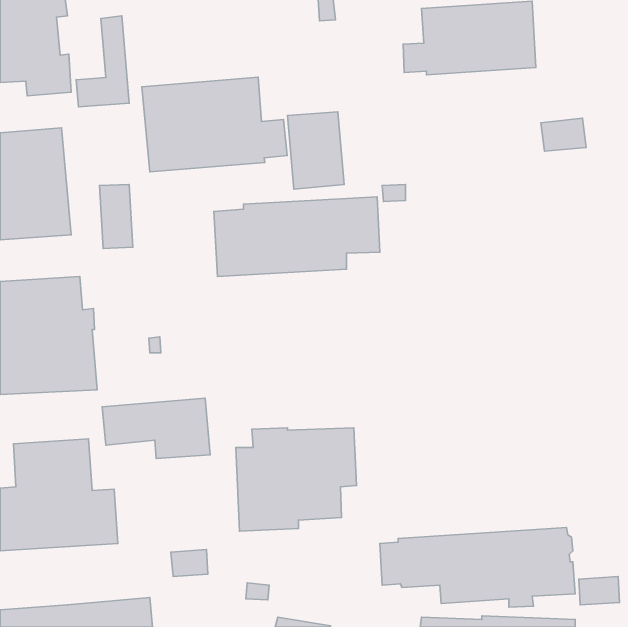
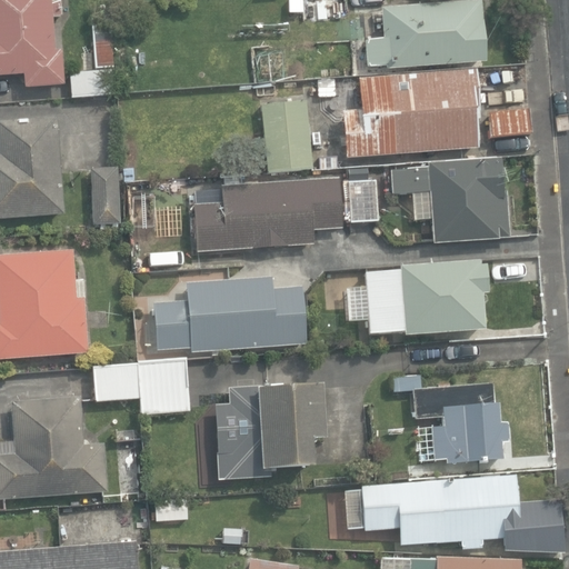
building: [142,77,287,172] -> none
building: none -> [342,70,479,157]
building: none -> [395,158,508,242]
building: none -> [343,260,489,336]
building: none -> [153,276,306,352]
building: none -> [391,375,508,463]

